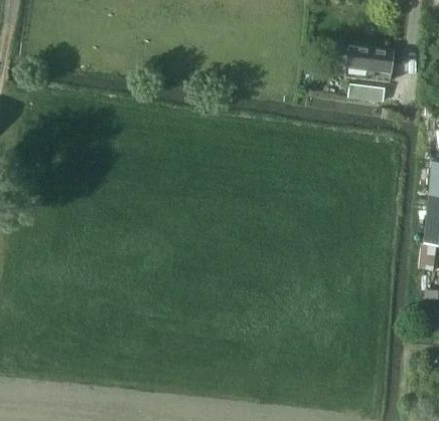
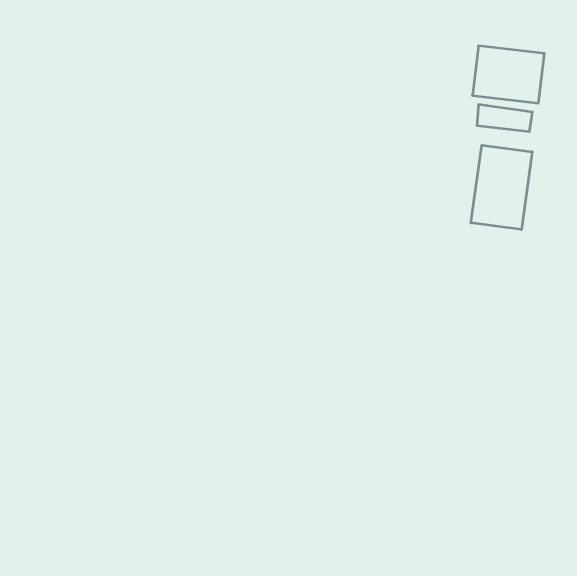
building: none -> [471,145,532,230]

